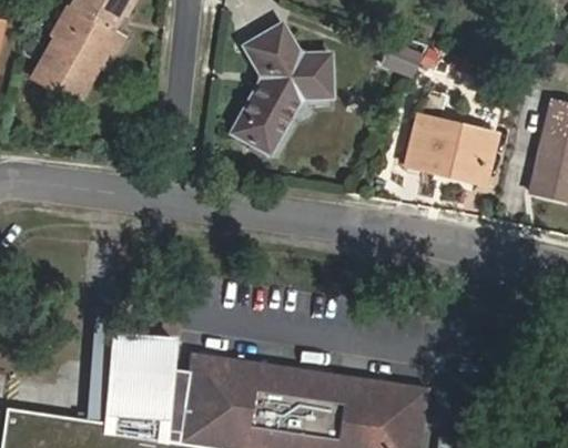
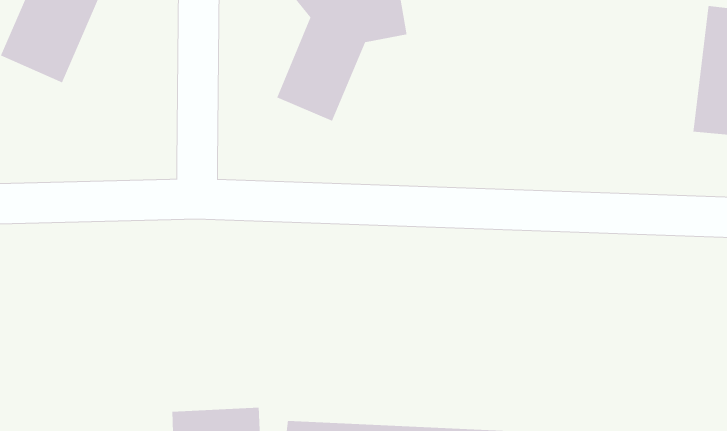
building: [404,111,491,175] -> none

